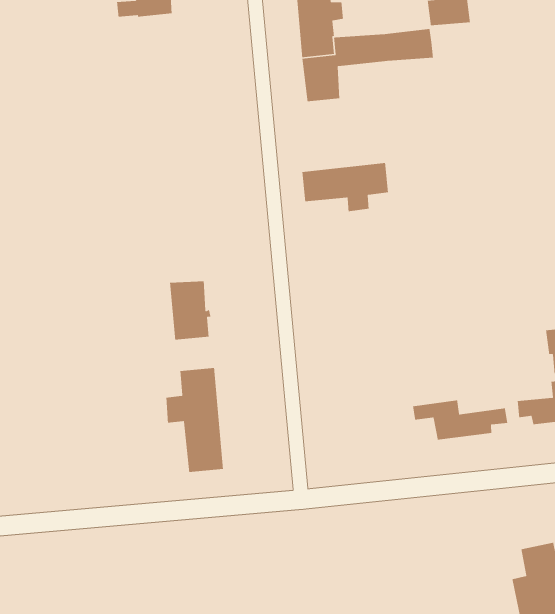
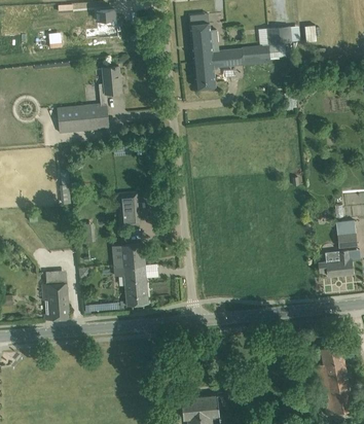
building: none -> [58,66,121,133]
building: [302,162,389,212] -> none
building: [412,399,508,440] -> none
building: none -> [42,270,70,320]

